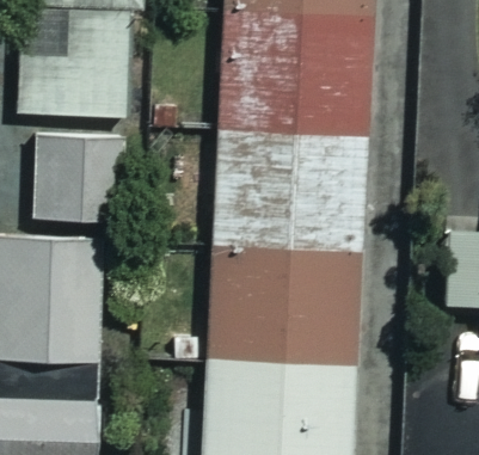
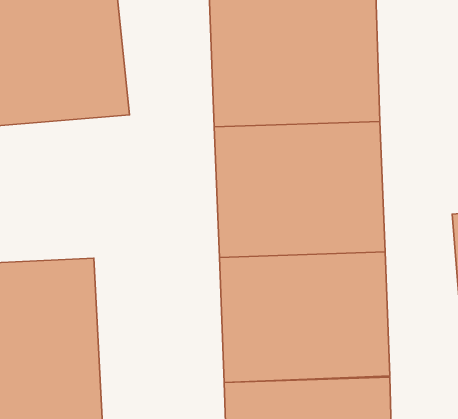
building: [31,137,124,227] -> none

